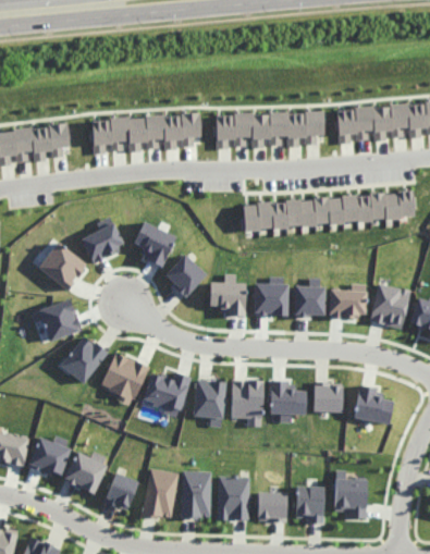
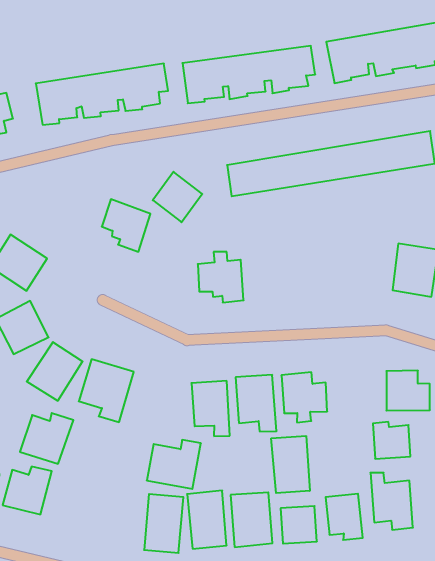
building: [81,216,125,262] -> none
building: [164,254,206,296] -> [153,172,202,222]
building: [254,276,287,315] -> none
building: [294,278,324,316] -> none
building: [329,283,367,318] -> none
building: [142,372,189,414] -> [147,440,201,489]
building: [312,381,343,411] -> [373,422,410,459]
building: none -> [271,436,310,493]
building: [63,451,110,493] -> [20,413,73,464]
building: [105,472,138,510] -> none

